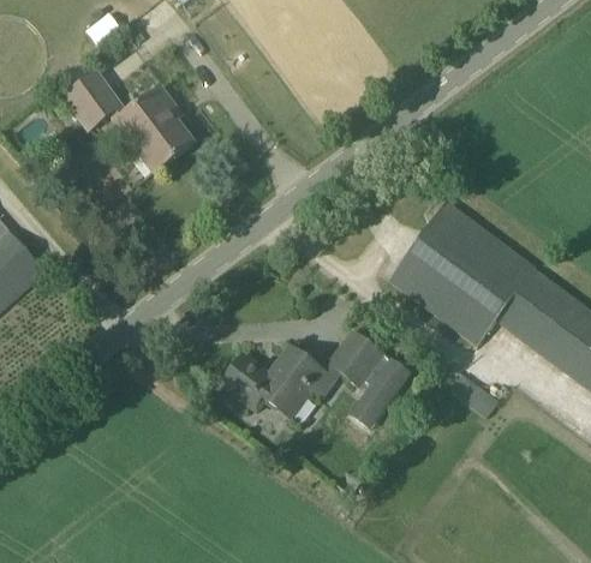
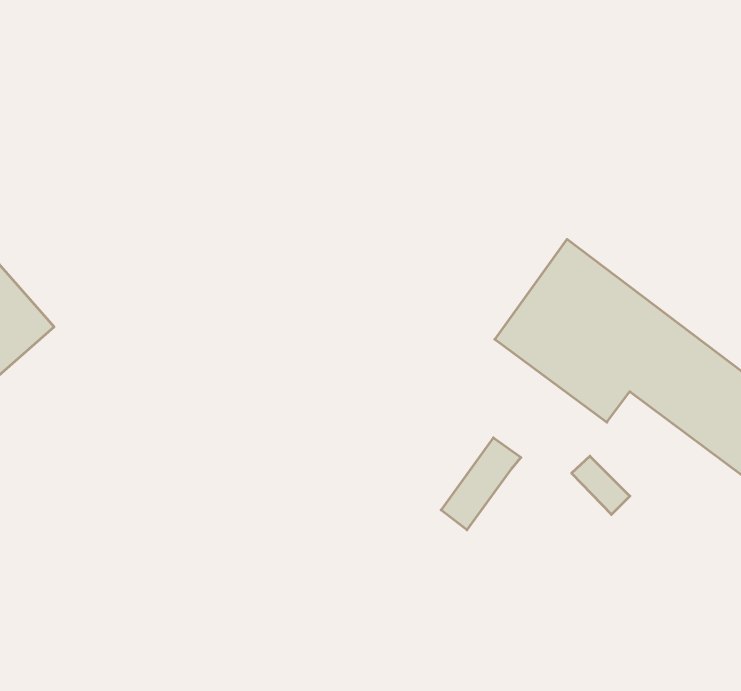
building: [64,72,193,172] -> none
building: [221,330,384,418] -> none

